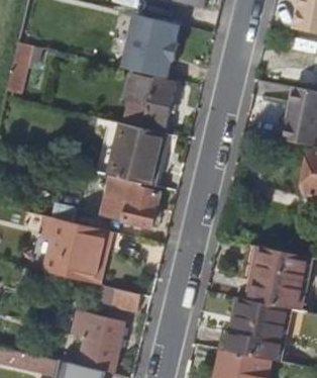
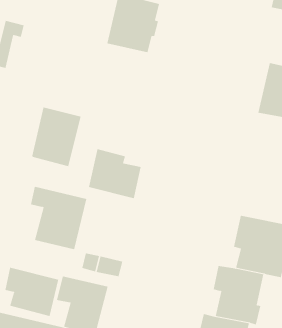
building: [122,73,173,128] -> none
building: [111,123,164,186] -> [31,107,82,167]
building: none -> [5,267,59,317]

